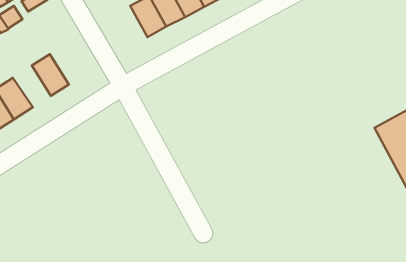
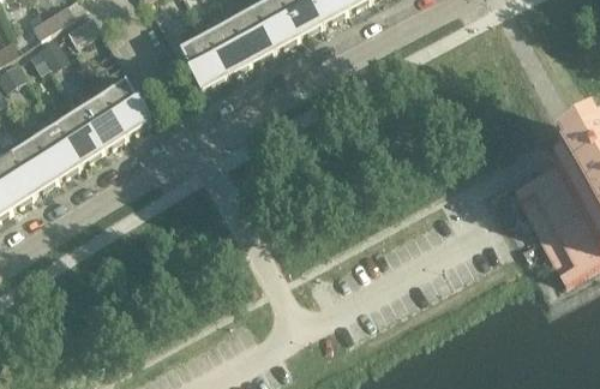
building: none -> [180,34,226,88]
building: none -> [102,79,150,133]
building: none -> [55,109,103,162]

